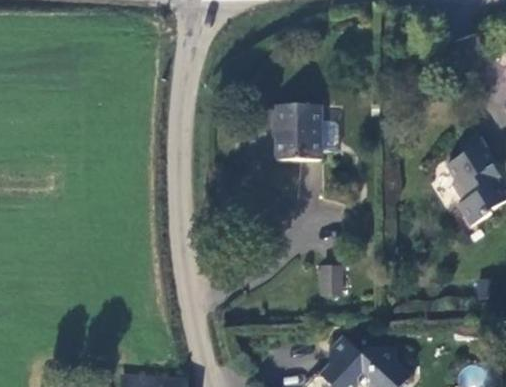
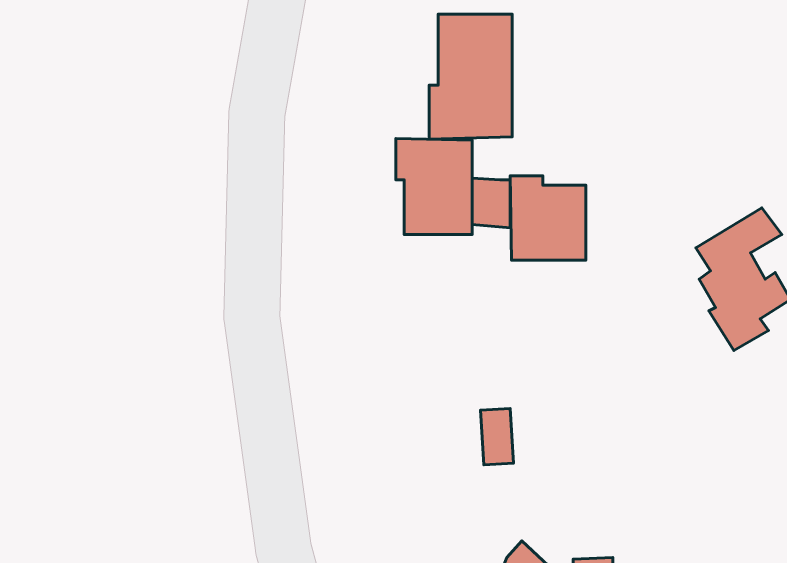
building: none -> [429,14,512,139]
building: none -> [510,176,586,260]

